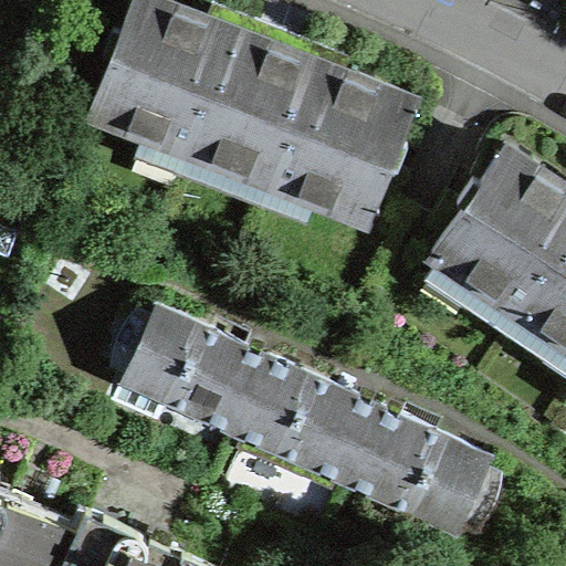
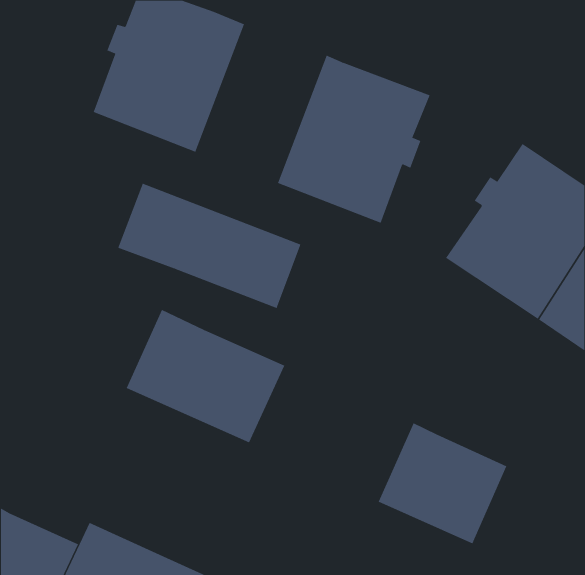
building: [189,33,315,187] -> none
building: none -> [118,183,301,309]
building: [241,363,399,494] -> none

